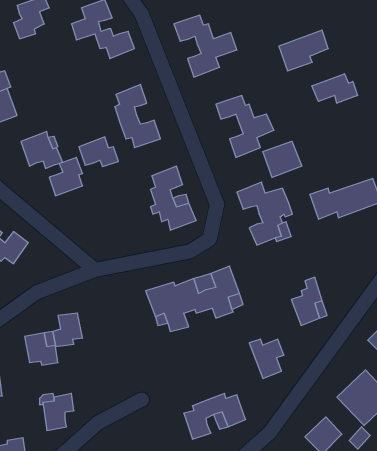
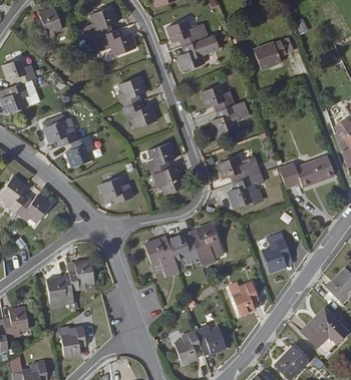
building: [312,74,358,103] -> none
building: [79,137,118,167] -> [100,176,132,201]
building: [263,141,302,178] -> none

